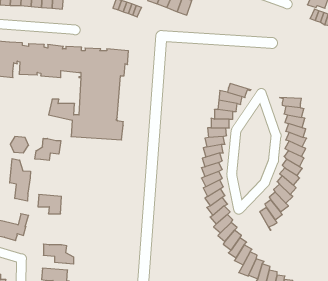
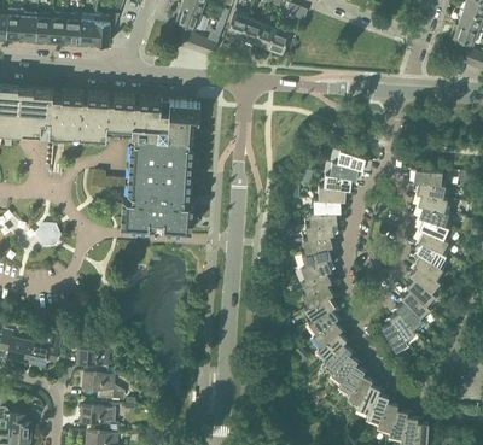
building: [35,138,61,160] -> none
building: [10,159,30,201] -> none
building: [38,195,61,214] -> [76,349,109,375]

